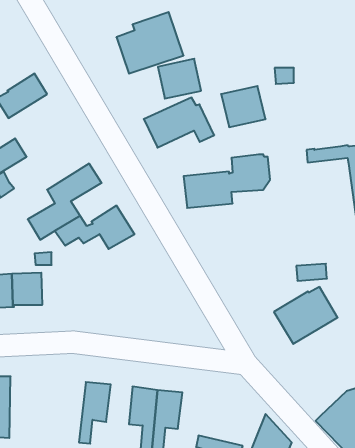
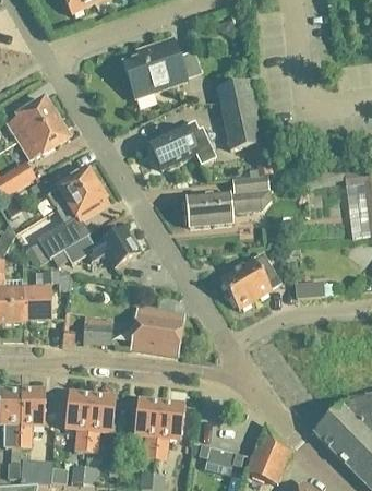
building: [158,59,201,99] -> [216,79,257,117]
building: none -> [19,117,69,157]
building: none -> [47,165,96,208]
building: [274,287,338,344] -> [220,252,281,307]
building: none -> [133,308,182,352]
building: none -> [83,313,113,342]
building: none -> [20,387,45,446]
building: none -> [65,391,93,451]

